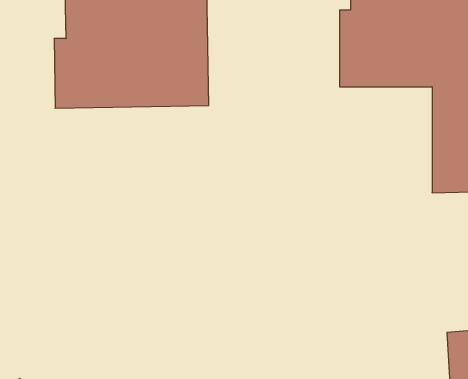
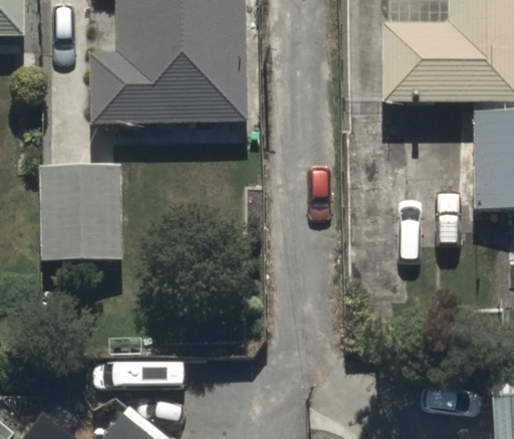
building: none -> [38,166,124,258]

